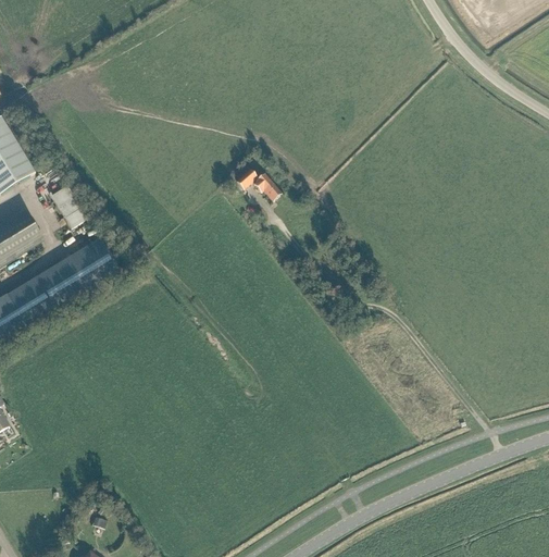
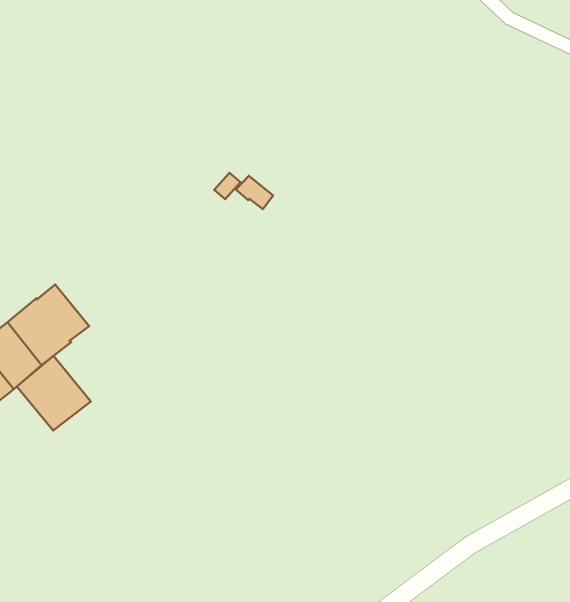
building: none -> [17,356,91,430]

